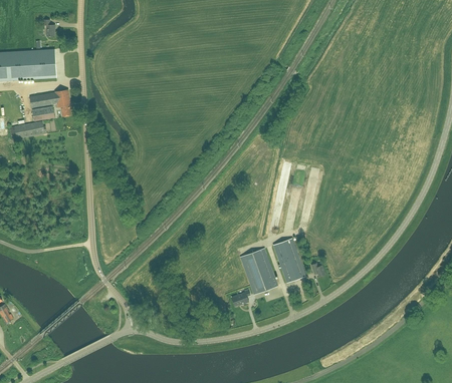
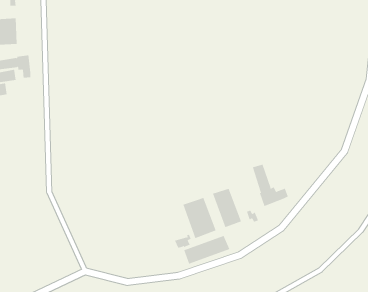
building: none -> [252,164,289,207]
building: none -> [184,235,230,265]

